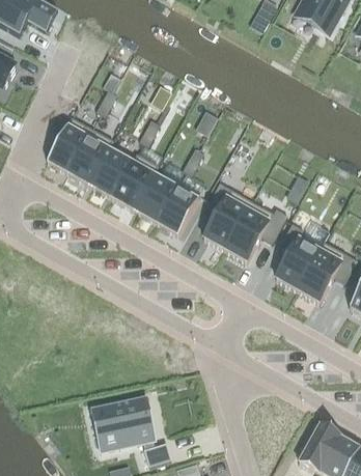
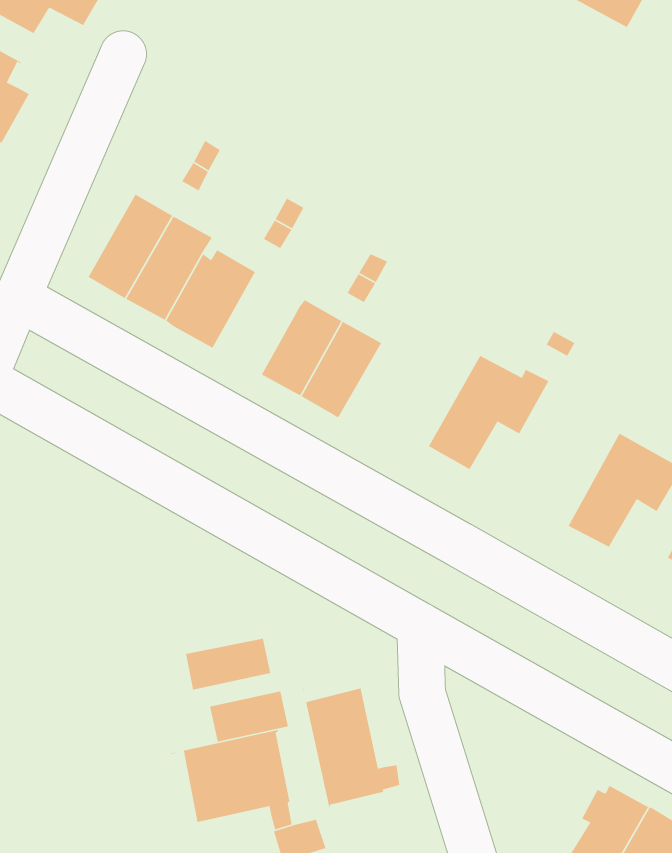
building: [112,153,158,212] -> none
building: [202,183,251,249] -> none
building: [275,223,324,290] -> none
building: none -> [185,638,271,691]
building: none -> [302,686,400,809]
building: none -> [209,690,289,743]

